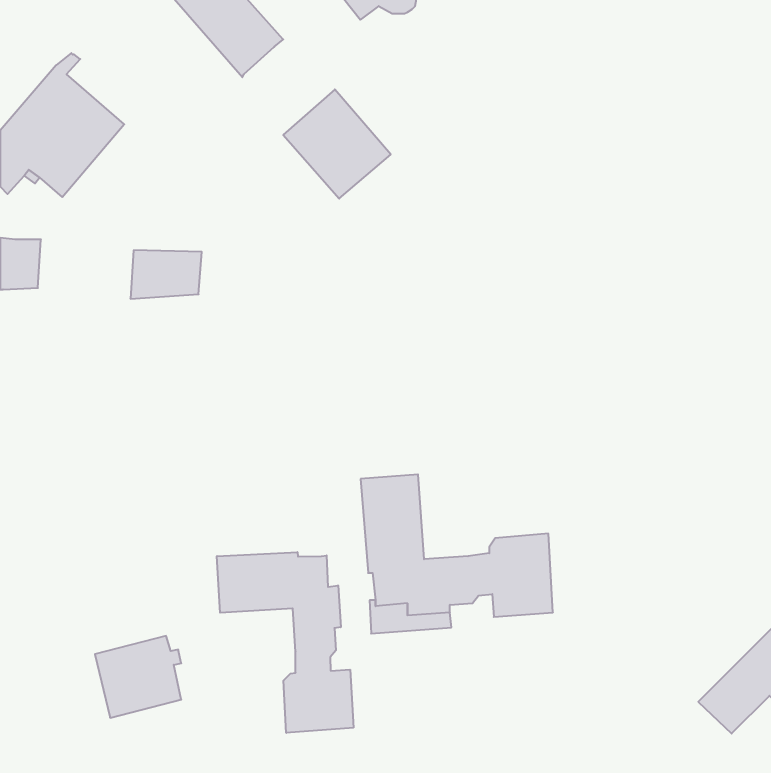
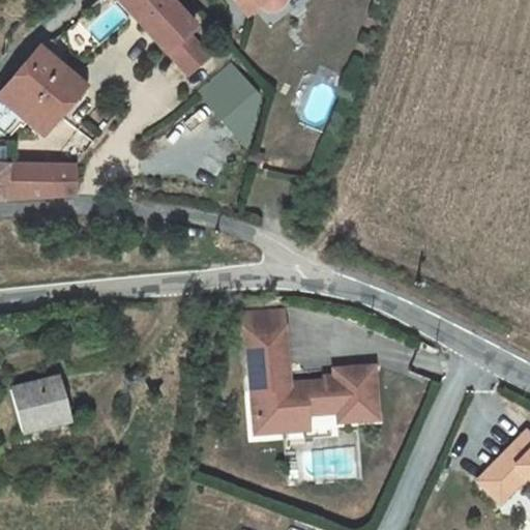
building: none -> [169,32,210,73]
building: [130,250,202,299] -> [28,164,77,197]
building: [217,552,353,733] -> none
building: [95,636,181,718] -> [12,377,71,433]

